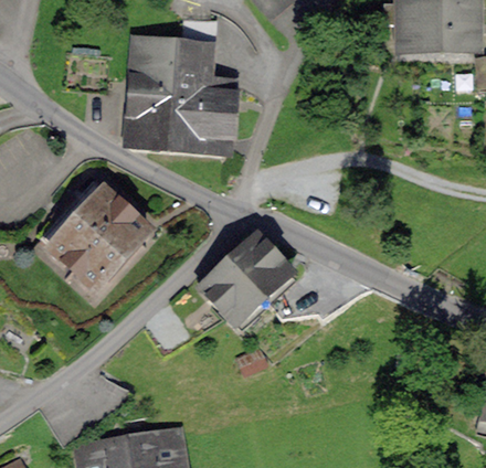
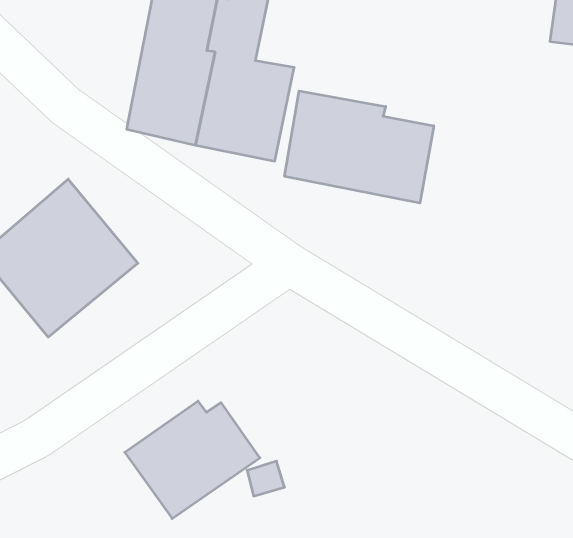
building: none -> [285,91,434,203]
building: [201,241,292,322] -> [125,401,260,519]

